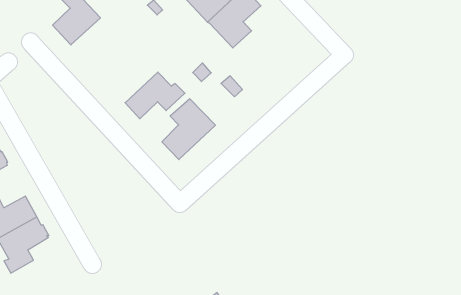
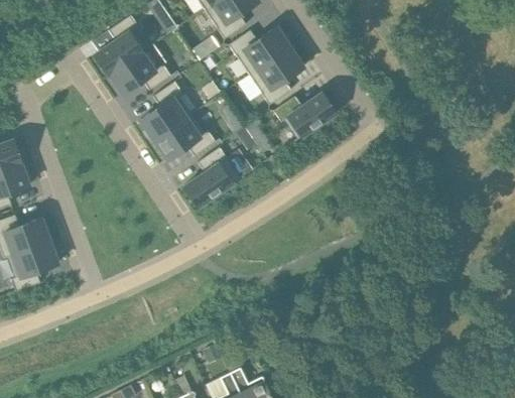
building: none -> [111,55,171,95]
building: none -> [273,94,336,140]
building: none -> [140,83,192,143]

